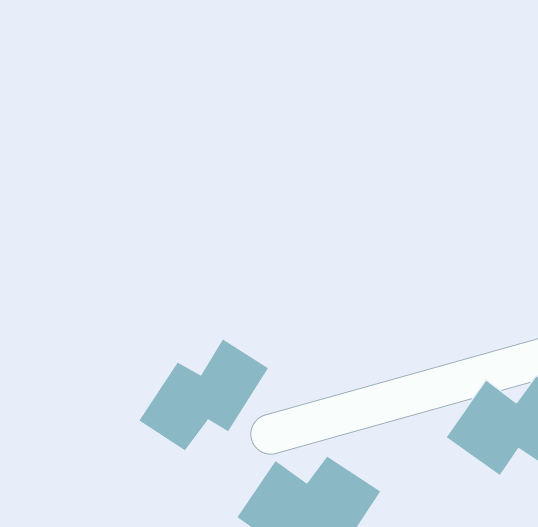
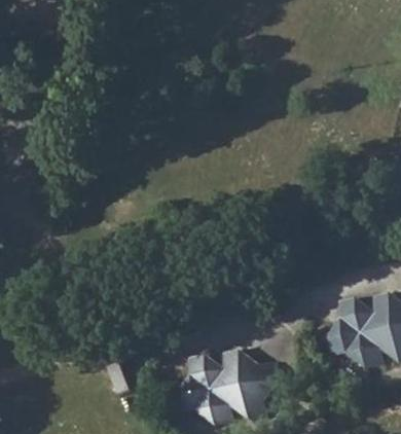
building: [139,339,269,451] -> none

